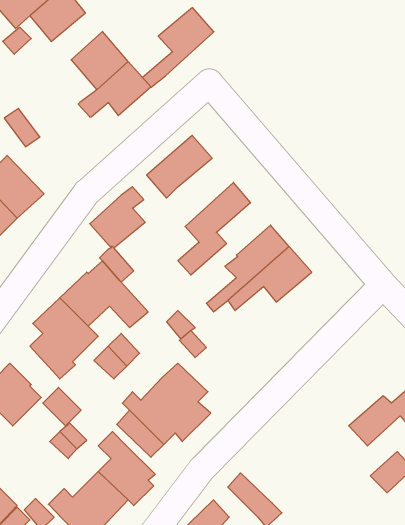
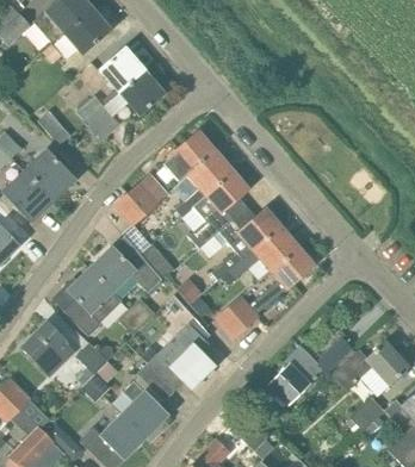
building: [143,8,214,87] -> [175,151,235,218]
building: none -> [78,94,123,141]
building: none -> [215,247,316,341]
building: none -> [270,336,353,405]

